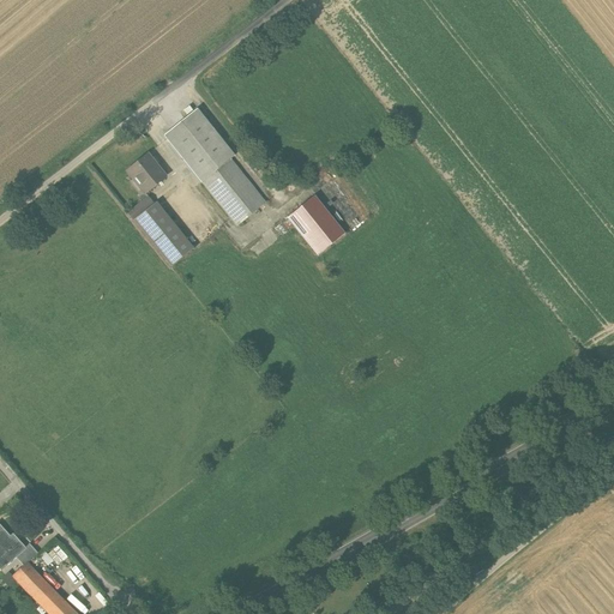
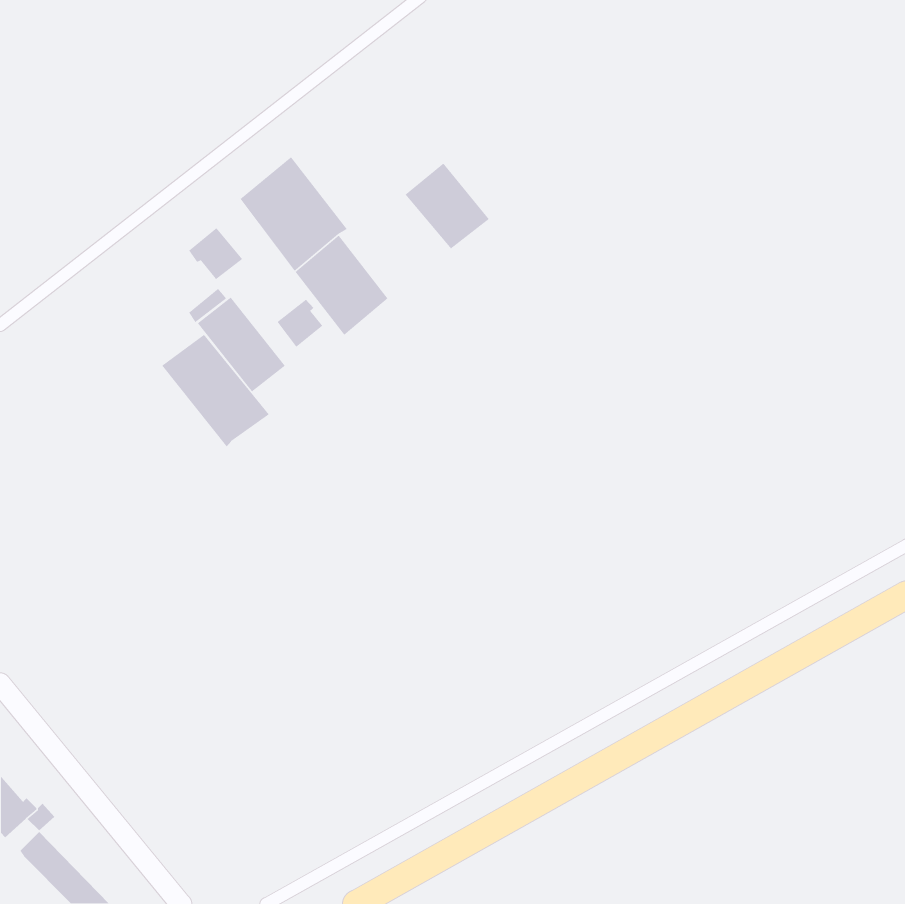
building: [288,193,345,252] -> [405,162,490,249]
building: none -> [277,299,326,348]
building: none -> [161,334,270,448]

